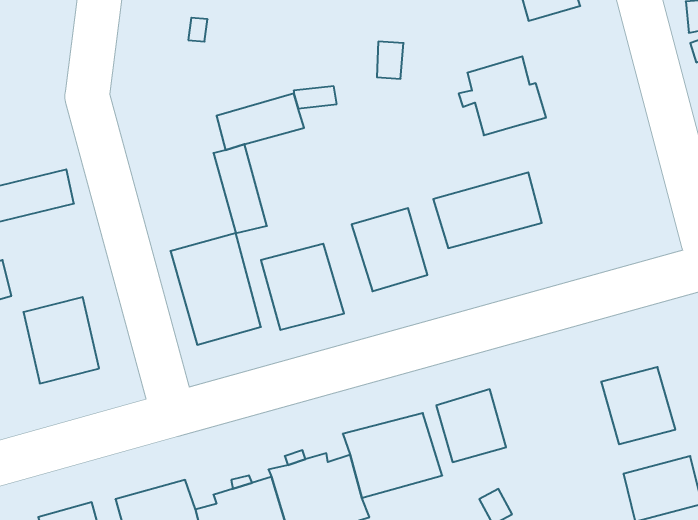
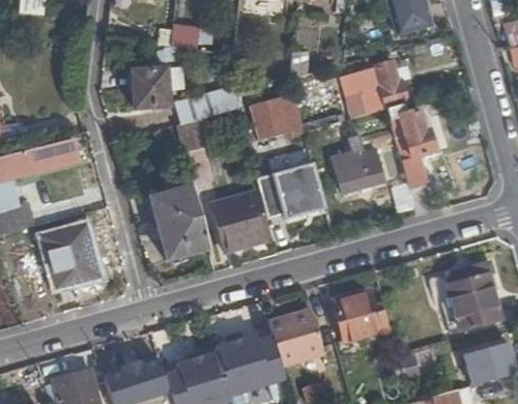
building: none -> [132,67,169,107]
building: none -> [252,93,306,138]
building: none -> [390,109,435,186]

